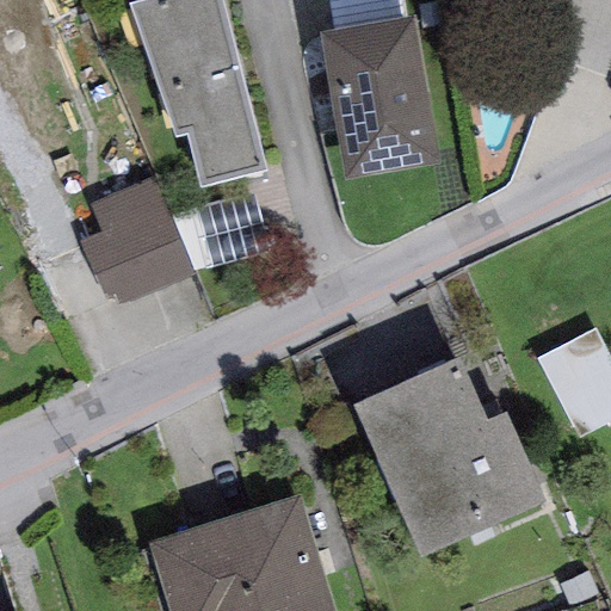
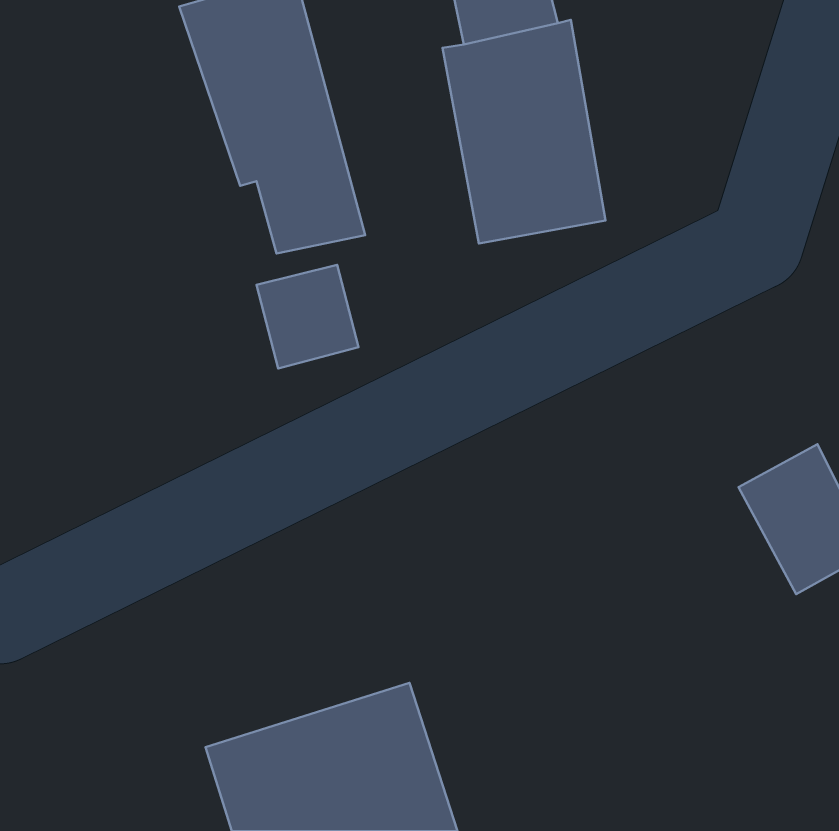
building: [50,177,192,314] -> none
building: [354,360,547,560] -> none

